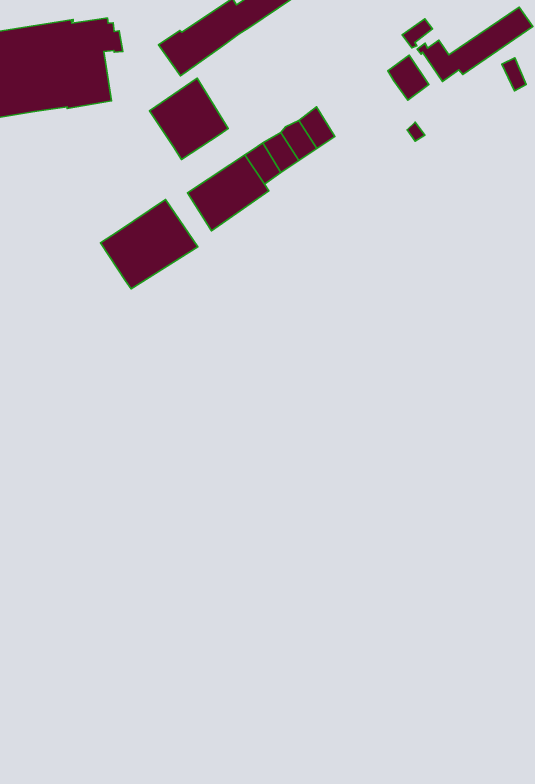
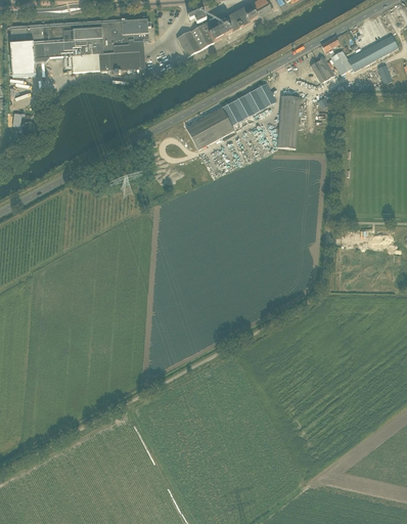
building: [149,78,228,159] -> none
building: none -> [276,94,300,147]
building: [101,200,198,289] -> none

